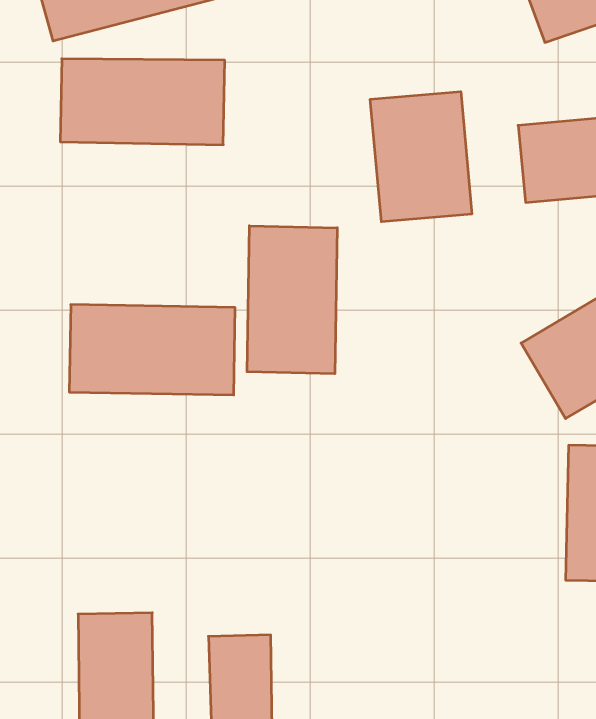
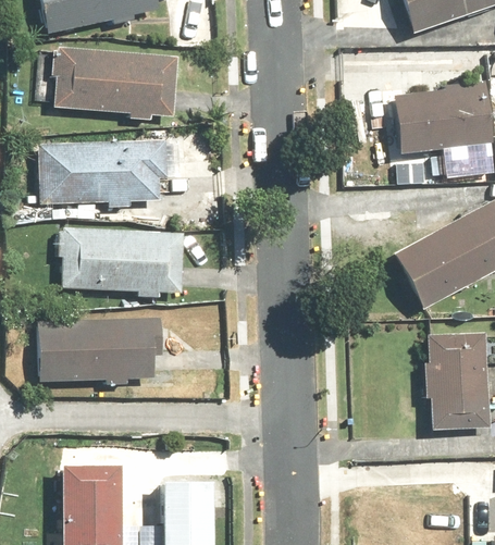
building: [370,92,472,222] -> none
building: none -> [35,141,168,207]
building: [247,226,337,374] -> none
building: none -> [39,317,159,379]

